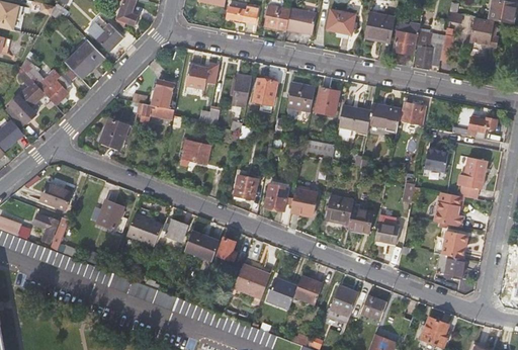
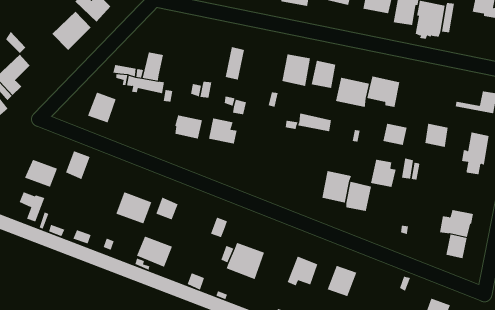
building: [186,63,219,89] -> none
building: [44,71,70,105] -> none
building: [253,80,277,105] -> none
building: [402,103,426,124] -> [382,123,408,145]
building: [234,175,262,200] -> [208,118,238,144]
building: [264,184,288,211] -> none
building: [289,188,317,216] -> none
building: [434,192,464,228] -> none
building: [97,201,121,230] -> [65,150,90,180]
building: [374,216,400,244] -> [370,159,396,187]
building: [184,231,220,261] -> [136,236,173,268]
building: [267,278,297,309] -> none
building: [361,295,386,320] -> none

